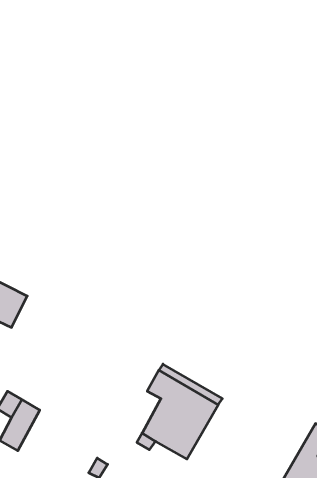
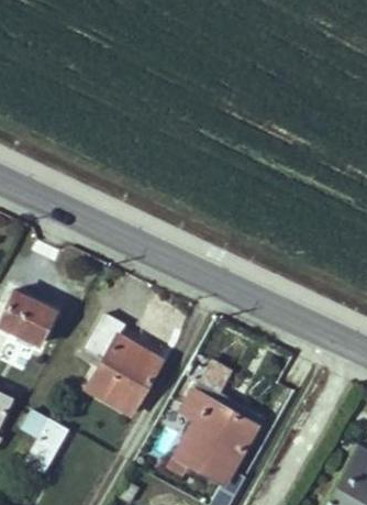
building: none -> [85,316,160,415]

